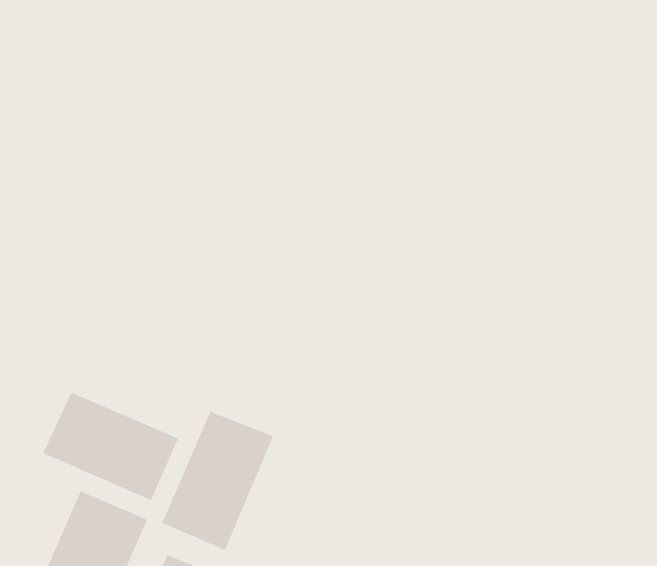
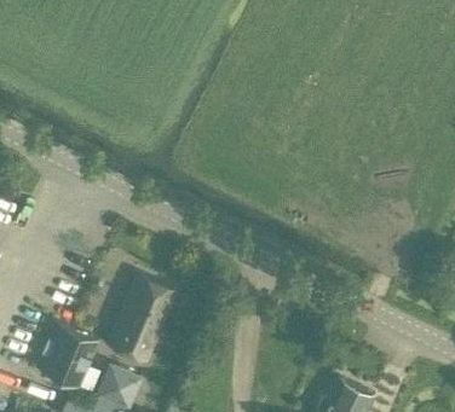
building: [43,392,179,501] -> none

